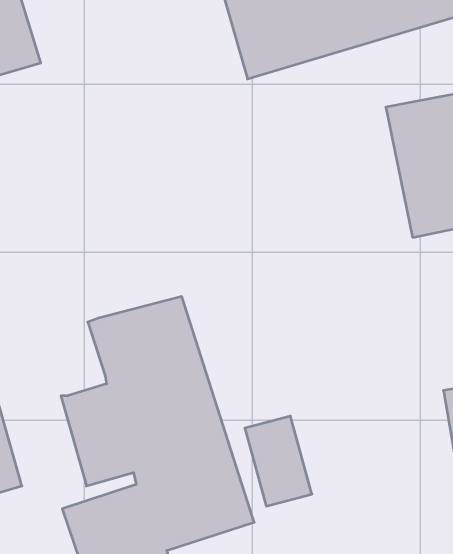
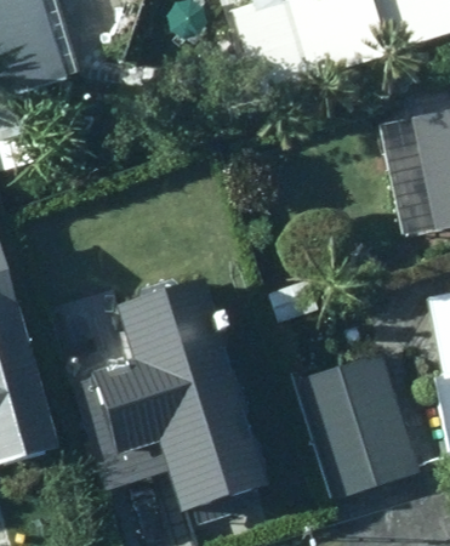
building: none -> [301,347,423,493]

